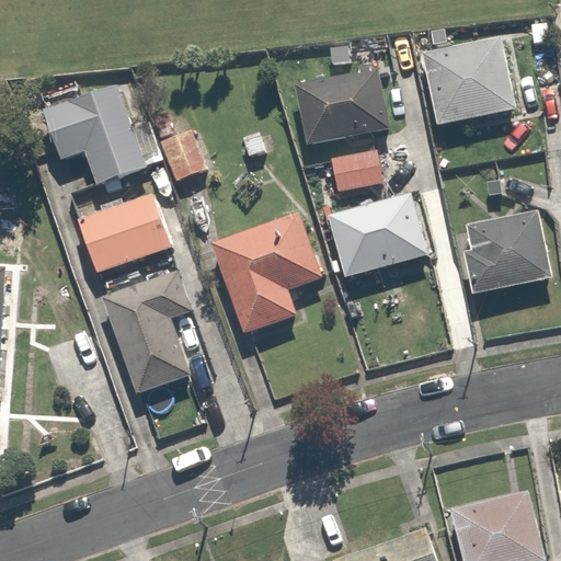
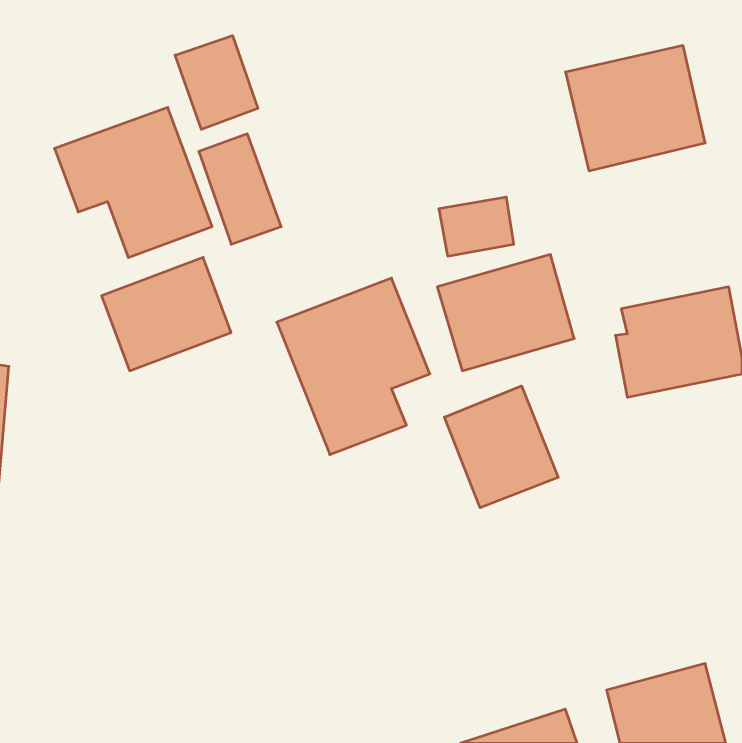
building: none -> [175,36,258,129]
building: [288,70,385,142] -> none
building: [102,266,202,396] -> none
building: none -> [444,386,558,508]

